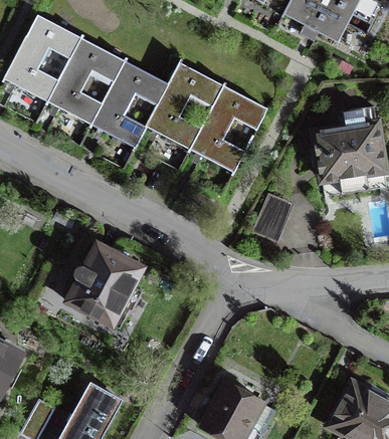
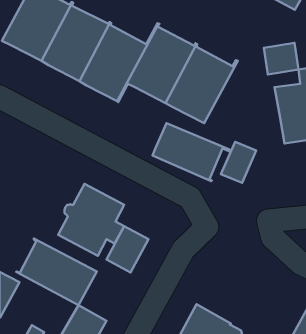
building: none -> [264,43,298,75]
building: none -> [152,123,229,181]
building: none -> [106,226,148,273]
building: none -> [16,239,97,305]

